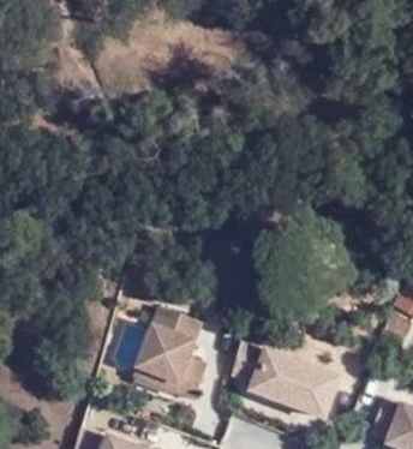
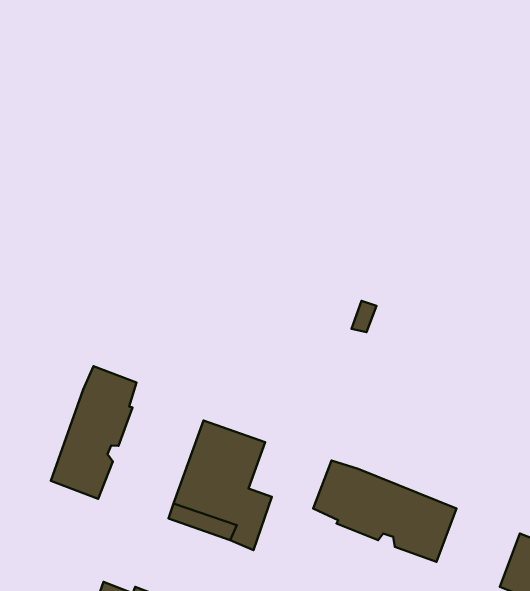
building: none -> [51,366,136,499]

